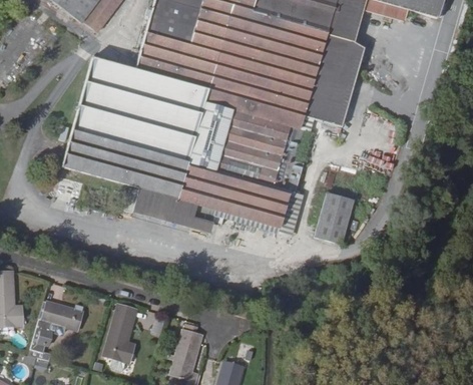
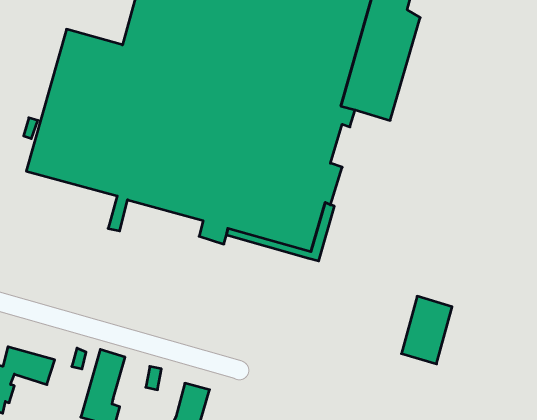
building: [133,187,213,233] -> none
building: [315,191,354,244] -> [401,296,452,364]

